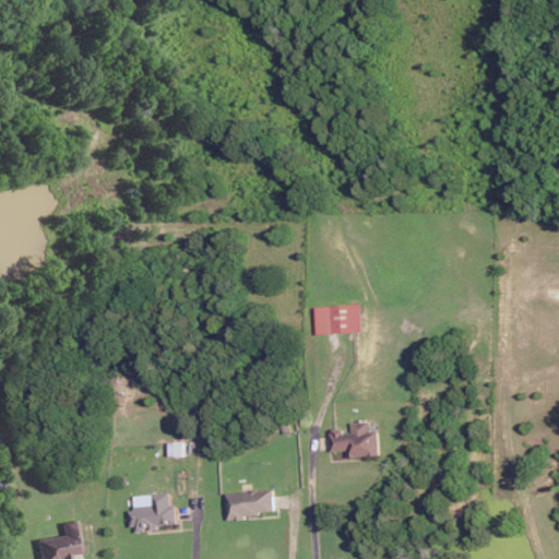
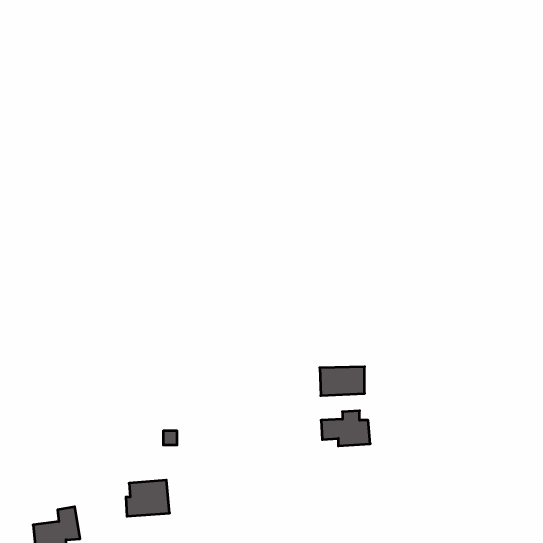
building: [314,306,360,335] -> [320,367,365,396]
building: [225,491,273,518] -> none

